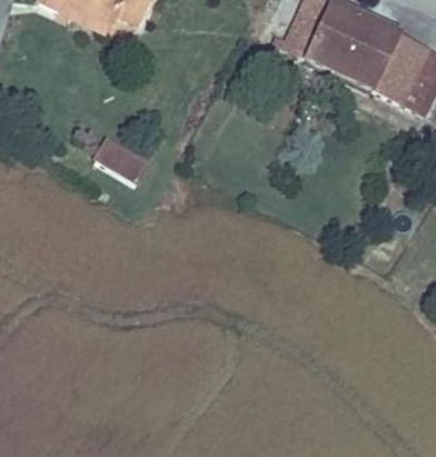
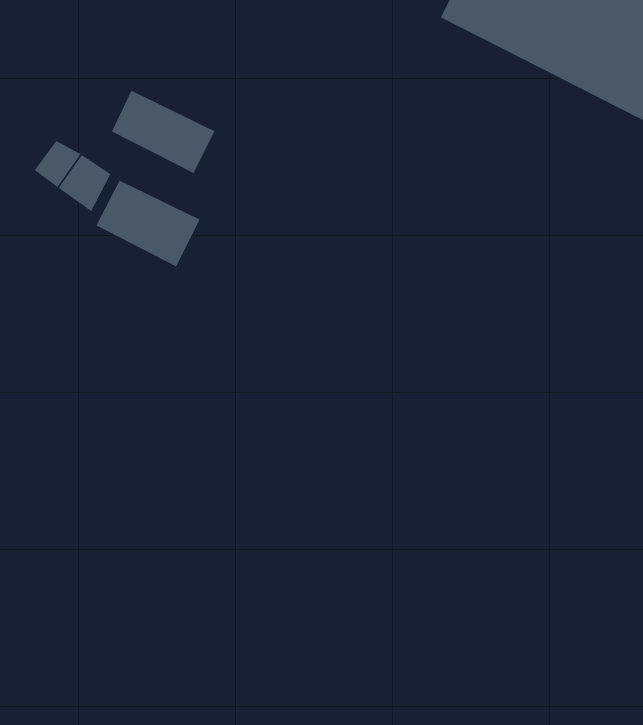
building: none -> [111,90,215,174]

